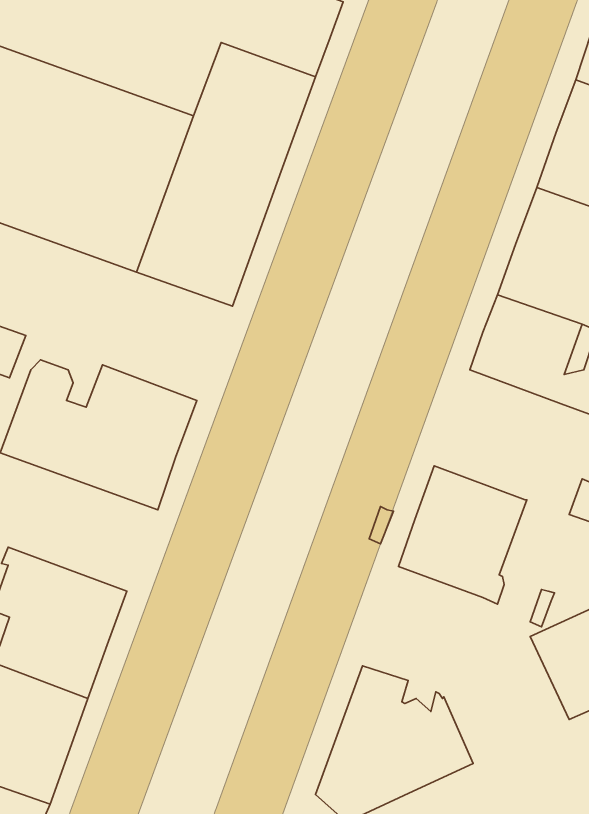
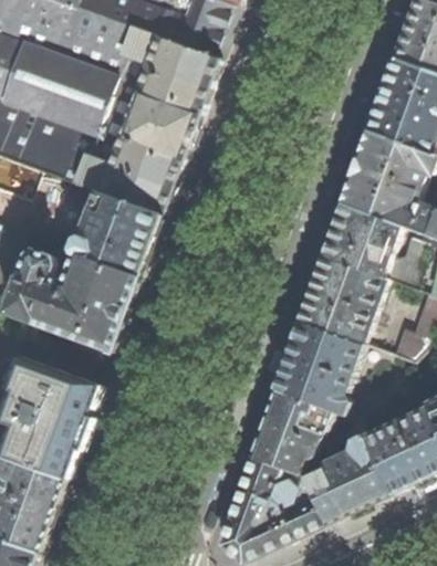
building: none -> [70,189,162,276]
building: none -> [299,255,385,344]
building: none -> [9,357,98,406]
building: none -> [250,389,332,473]
building: none -> [305,418,391,523]

